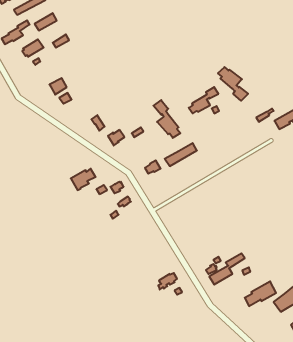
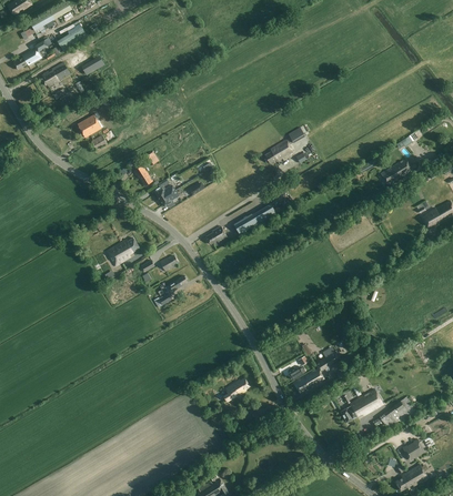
building: [218,67,248,101] -> none
building: [153,100,180,138] -> none

